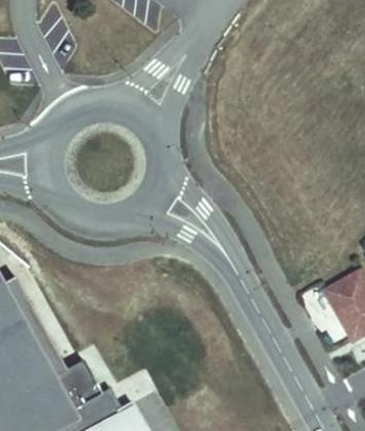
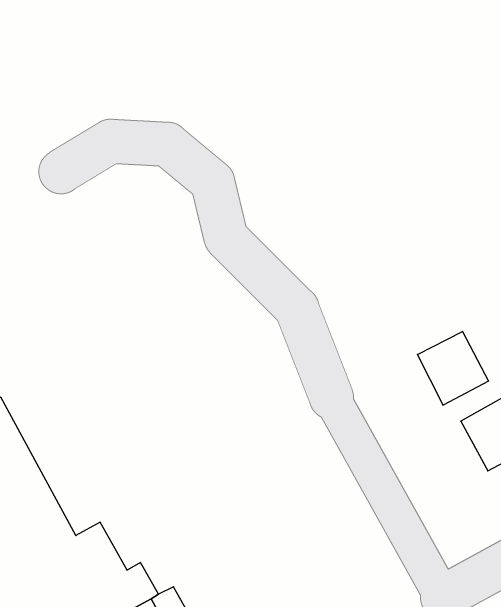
building: none -> [417,331,489,405]

